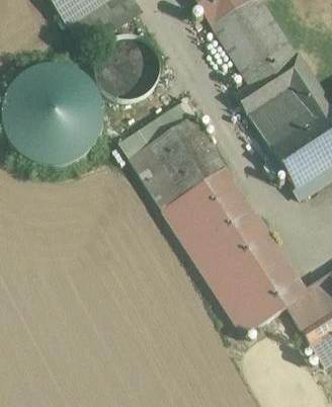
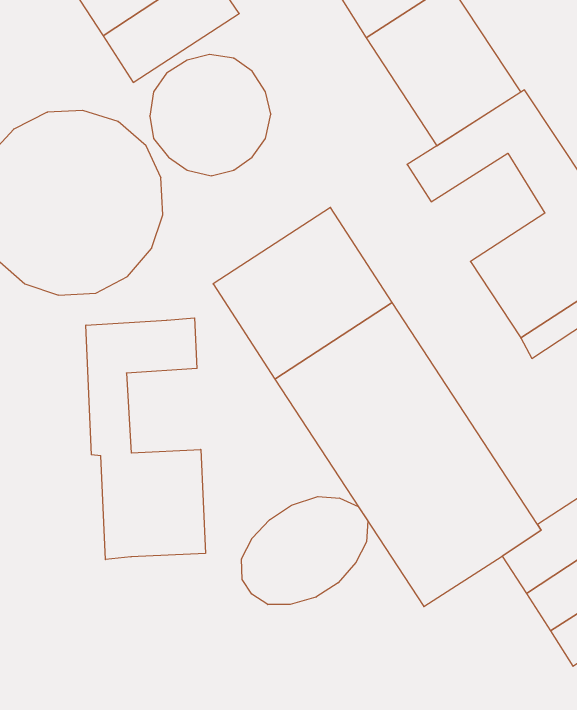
building: [247,88,309,147] -> none
building: [118,102,192,159] -> none
building: none -> [86,318,205,560]
building: none -> [242,497,368,605]

